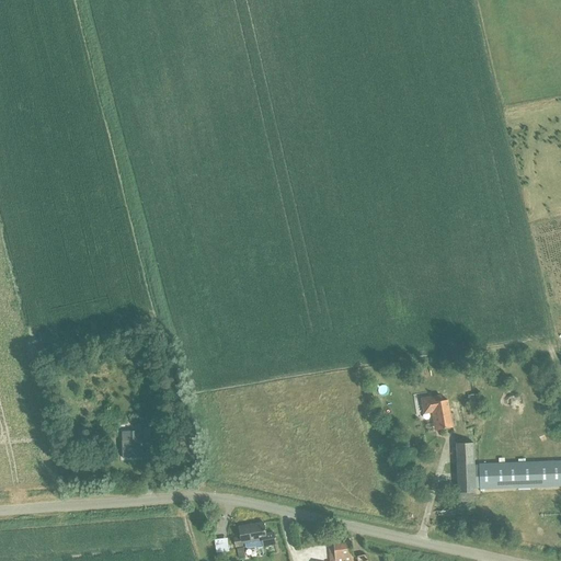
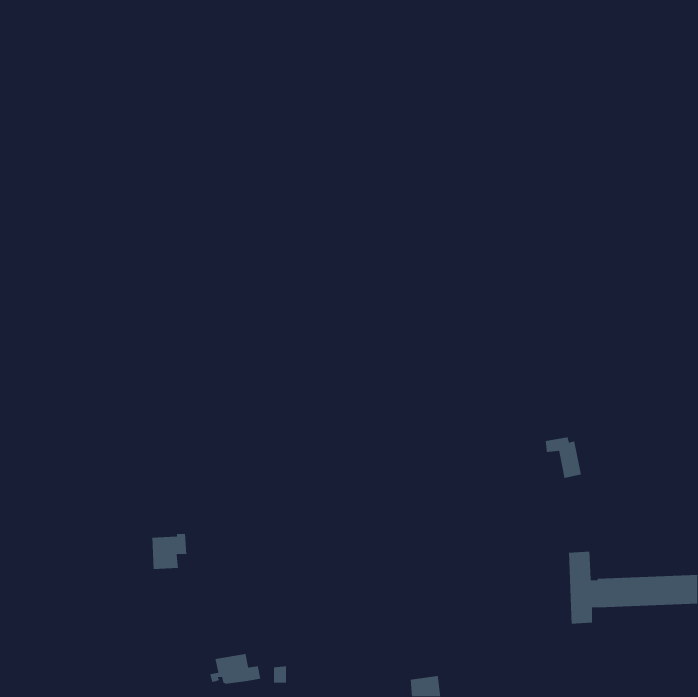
building: [423,396,453,430] -> [545,436,582,479]
building: [232,522,274,547] -> [209,653,261,685]

